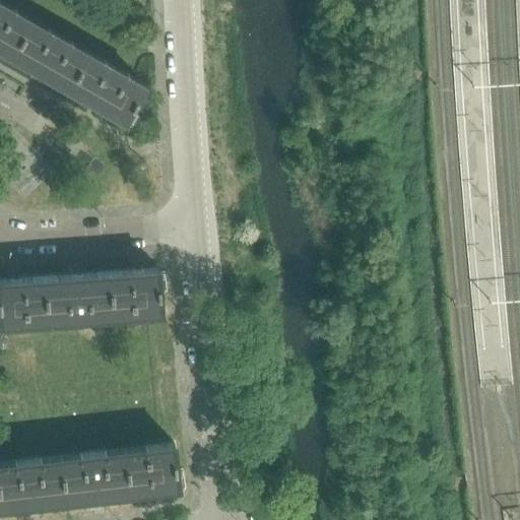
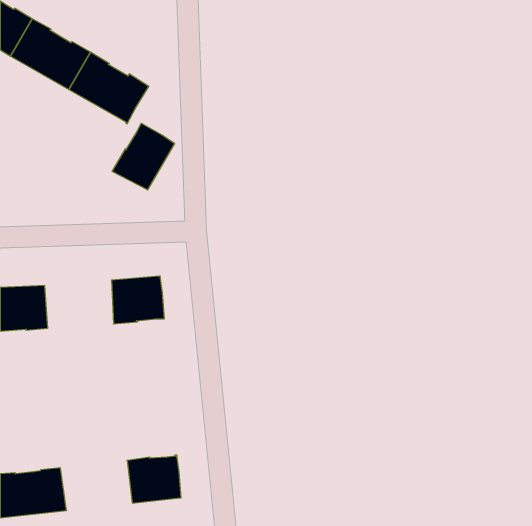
building: none -> [112,123,175,190]
building: [44,279,111,326] -> none
building: [59,455,129,504] -> none

